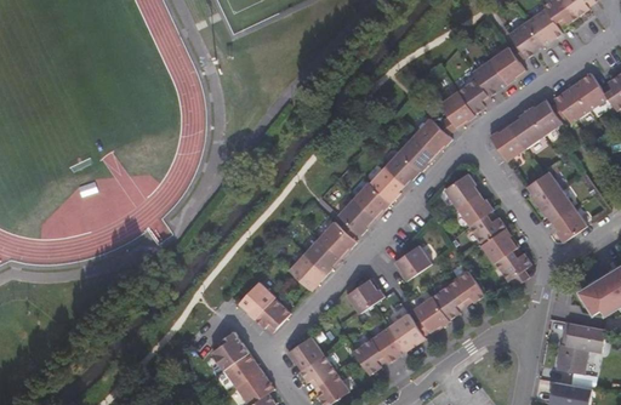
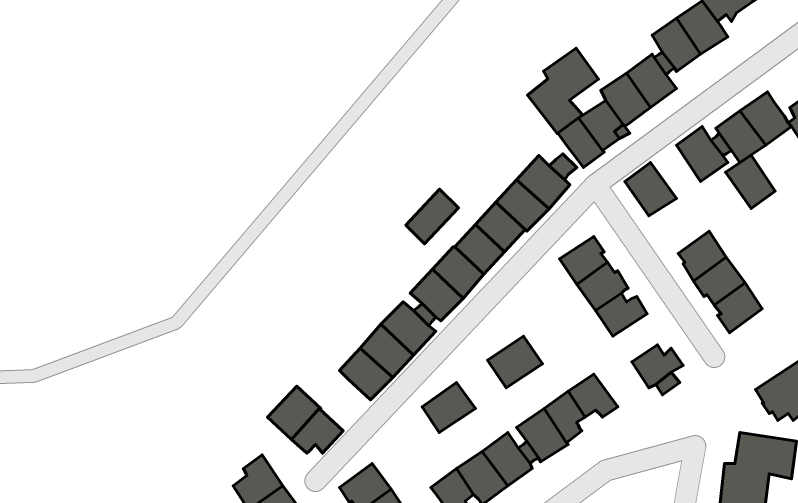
building: none -> [528,48,599,134]
building: [507,112,542,149] -> [725,155,775,208]
building: none -> [406,189,459,244]
building: [480,230,518,264] -> none

